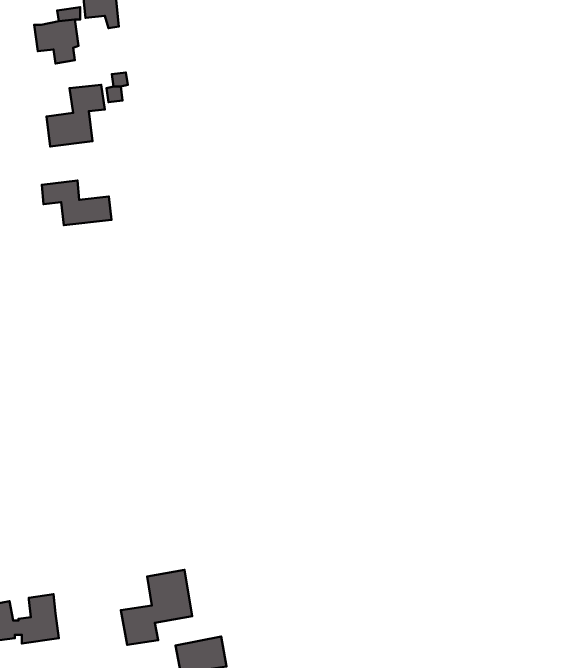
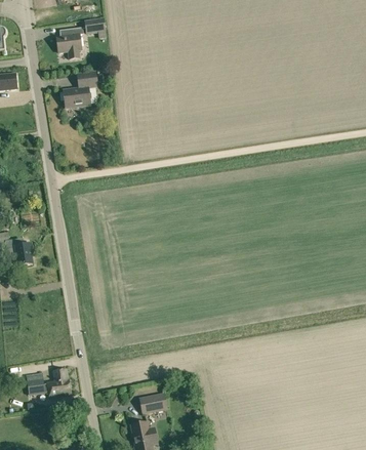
building: [42,181,112,225] -> none
building: [121,570,192,645] -> none

